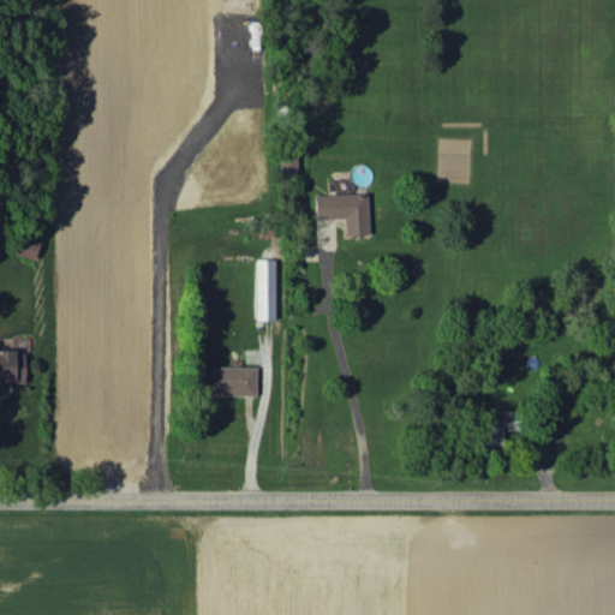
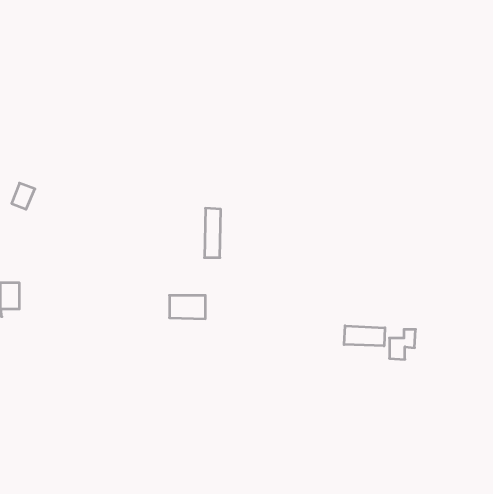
building: [316,193,370,237] -> none
building: none -> [344,326,385,346]

